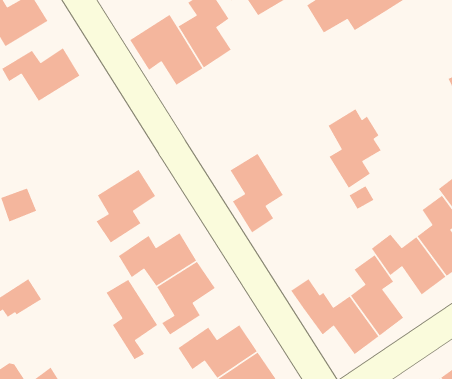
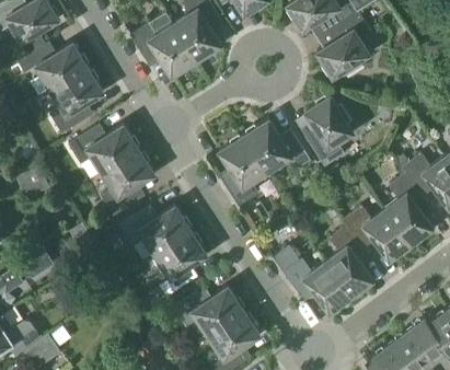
building: none -> [316,11,370,78]
building: none -> [49,68,103,134]
building: none -> [244,120,310,173]
building: none -> [68,125,139,173]
building: [105,279,158,360] -> none

